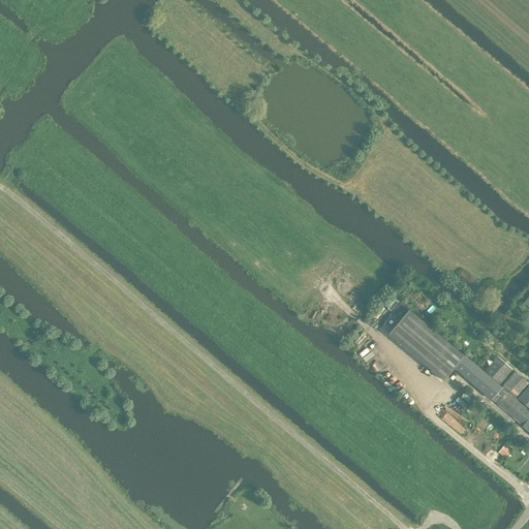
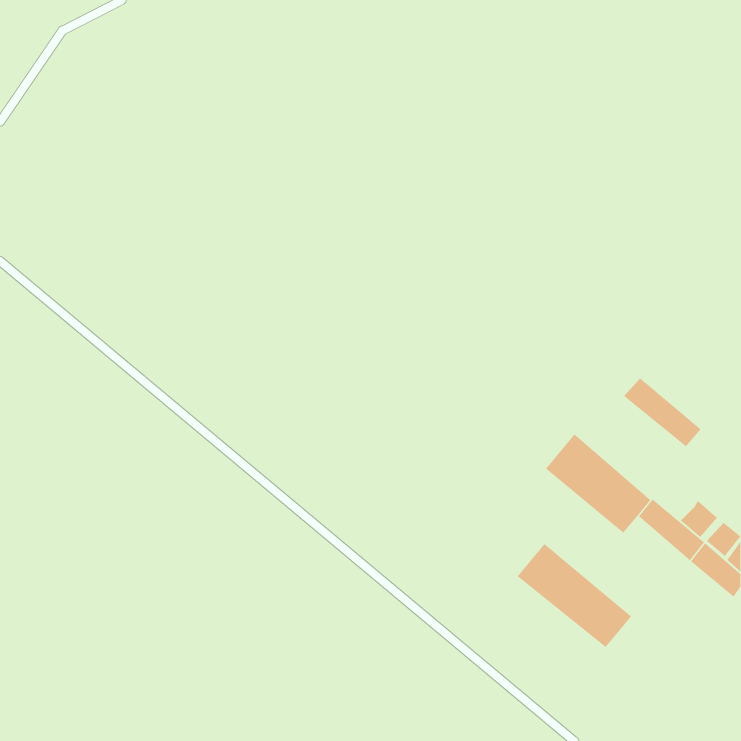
building: none -> [623,378,701,447]
building: none -> [517,543,632,648]

